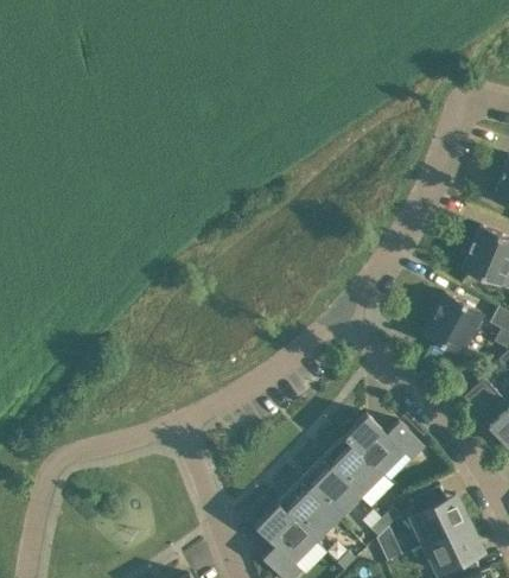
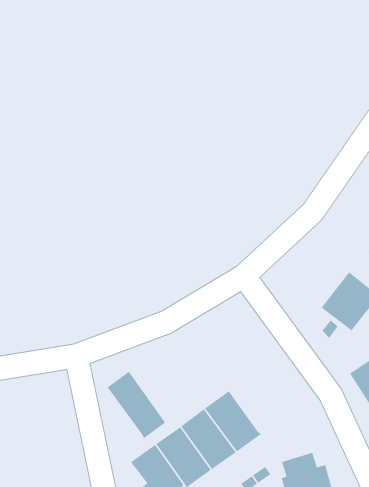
building: [344,415,425,475] -> none
building: none -> [107,371,166,439]

